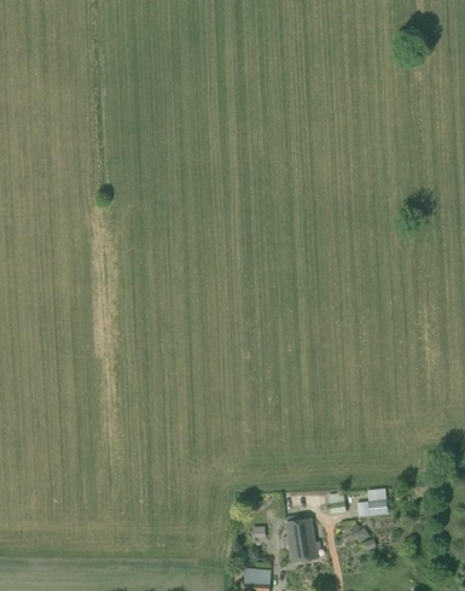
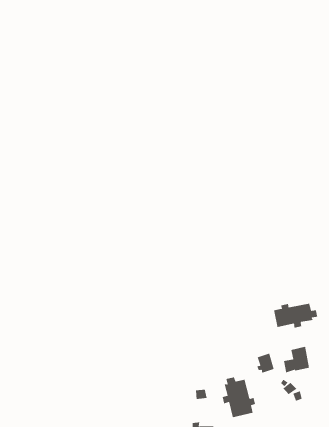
building: none -> [274,303,318,329]

